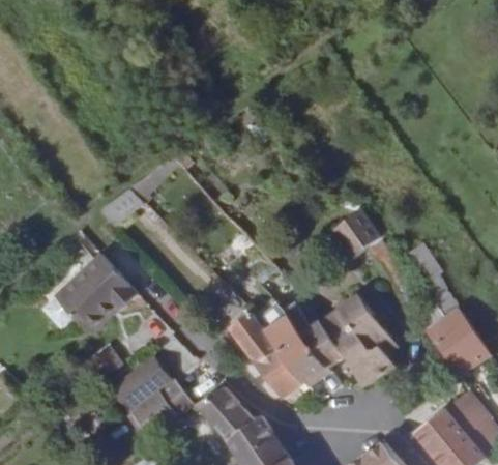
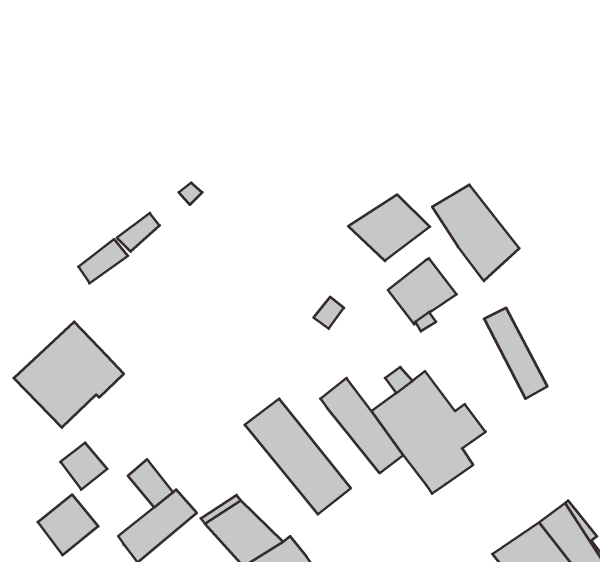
building: none -> [432,185,519,281]
building: none -> [348,195,430,261]
building: [427,310,489,373] -> none
building: [269,320,328,383] -> none
building: [113,371,158,416] -> [38,495,98,555]

